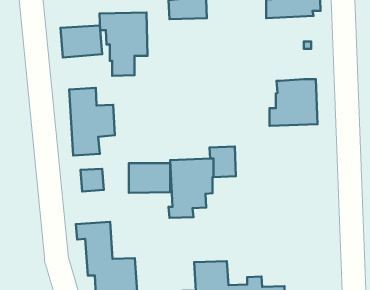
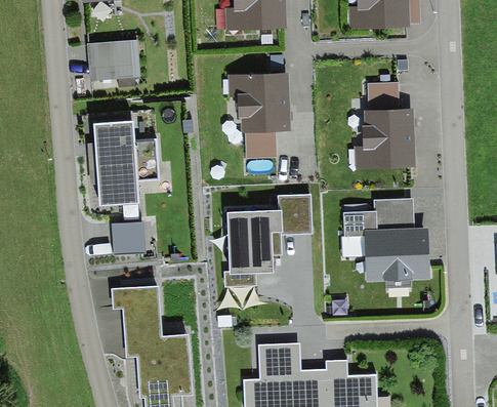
building: [99,13,147,76] -> [229,75,290,156]
building: none -> [366,83,398,111]
building: none -> [344,199,428,280]
building: [129,163,170,193] -> none

